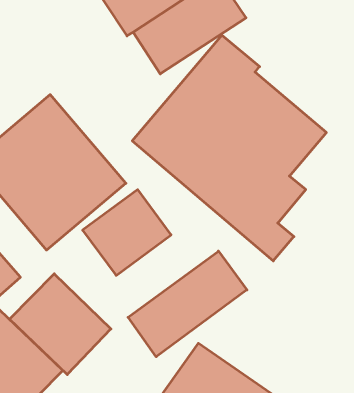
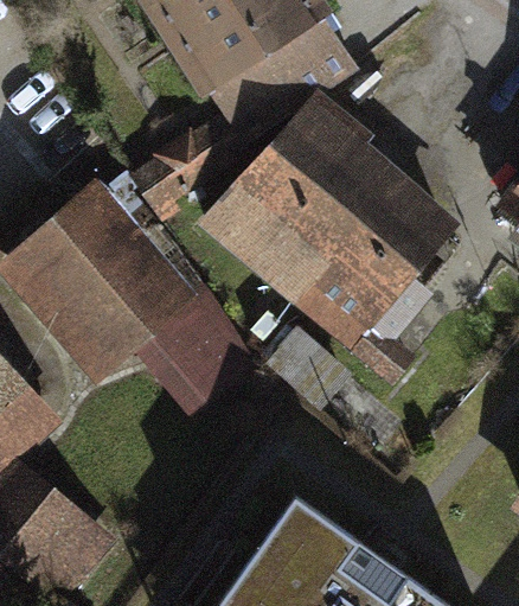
building: [128,251,247,357] -> none
building: [10,274,111,375] -> none

